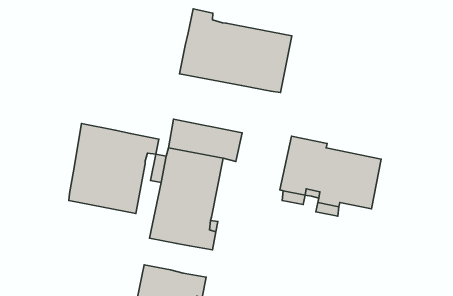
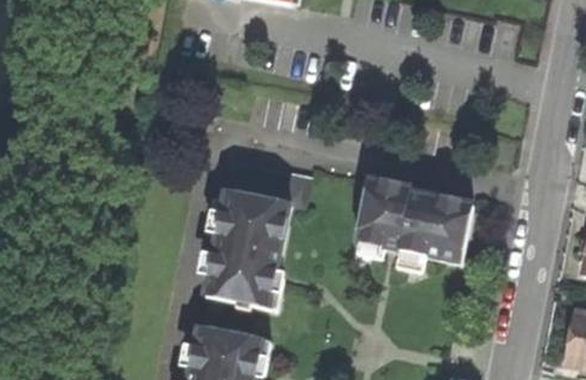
building: [179,9,292,93] -> none
building: [69,124,159,214] -> none

